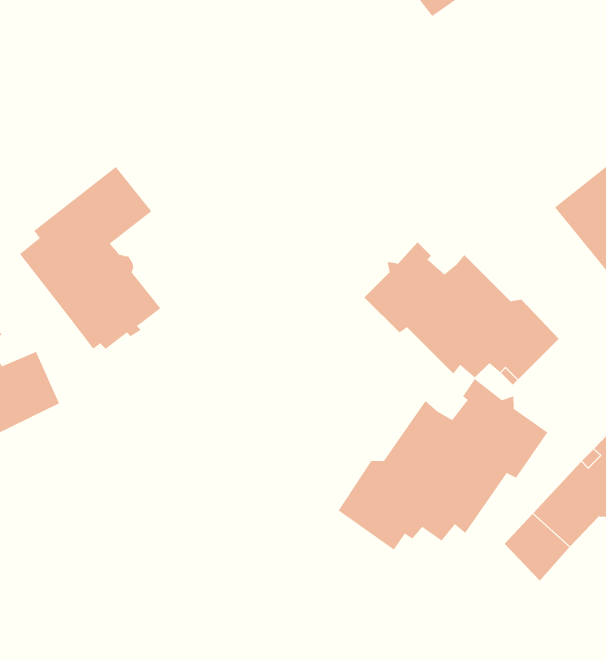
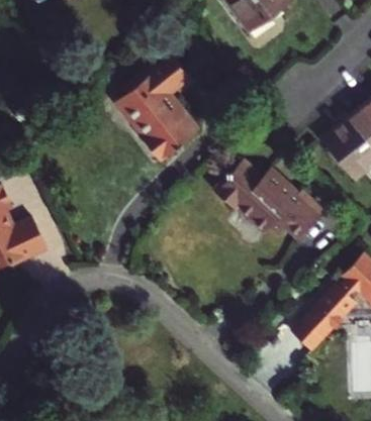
building: [19,166,161,350] -> [118,50,198,153]
building: [338,378,548,551] -> none

